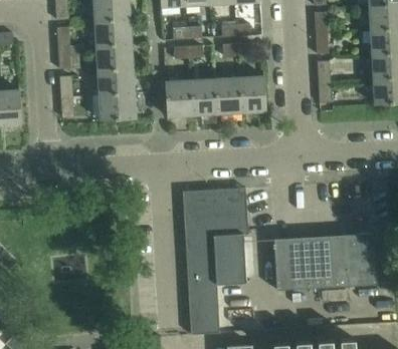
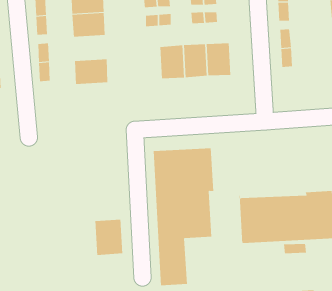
building: [96,68,133,95] -> none
building: [163,80,190,116] -> none
building: none -> [95,219,123,256]

